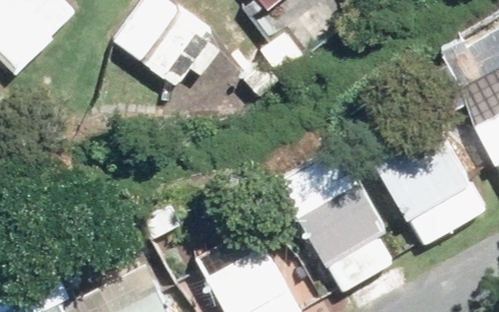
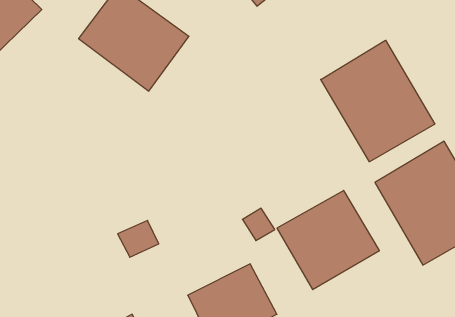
building: none -> [321,40,435,162]

